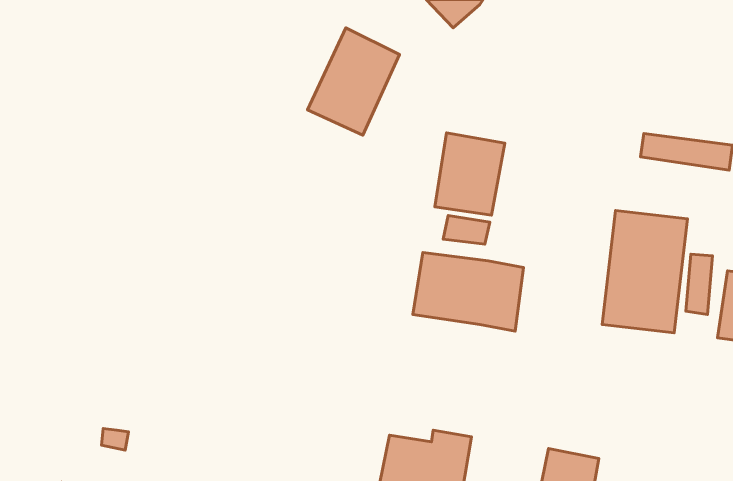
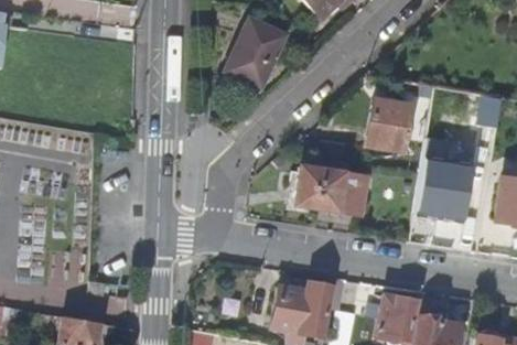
building: [435,133,505,215] -> [366,99,412,153]

